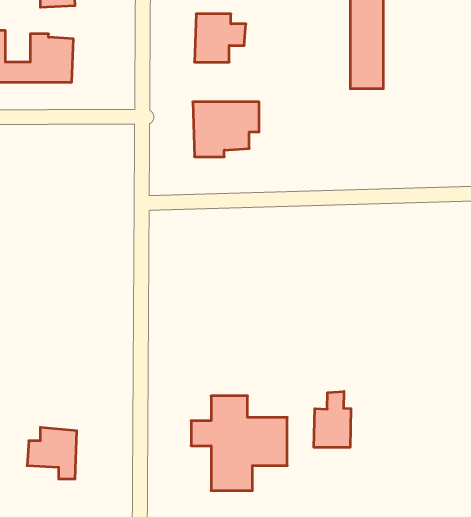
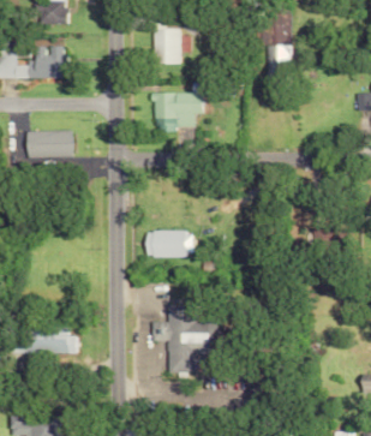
building: none -> [26,131,73,157]
building: none -> [145,231,192,257]
building: [314,391,351,447] -> none

